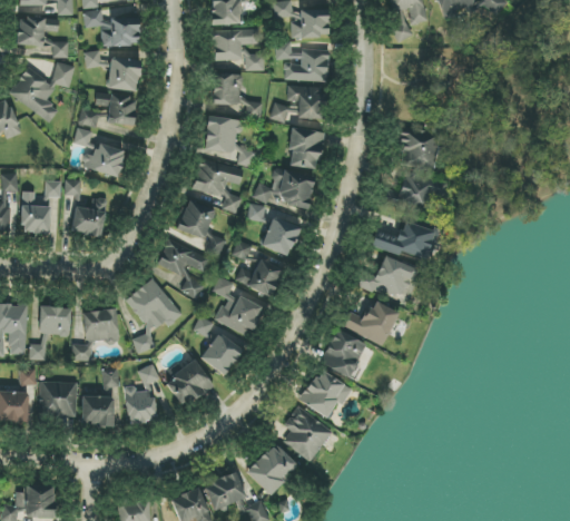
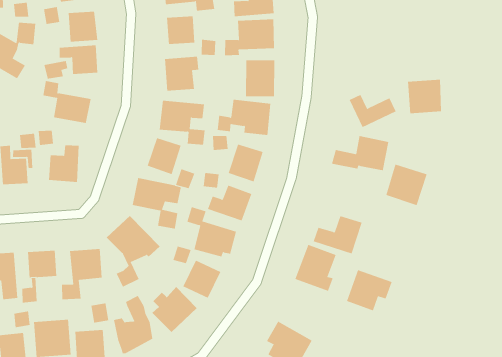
building: [400,131,436,167] -> [407,79,442,114]
building: [370,254,416,301] -> [385,164,428,206]
building: [301,371,352,416] -> [346,269,393,311]

